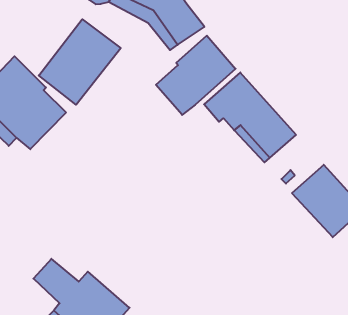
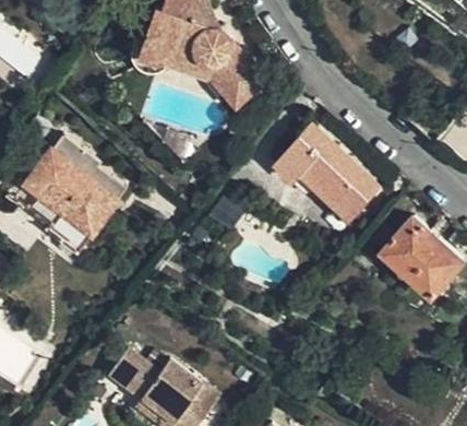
building: [39,19,121,105] -> none
building: [156,36,236,115] -> none

